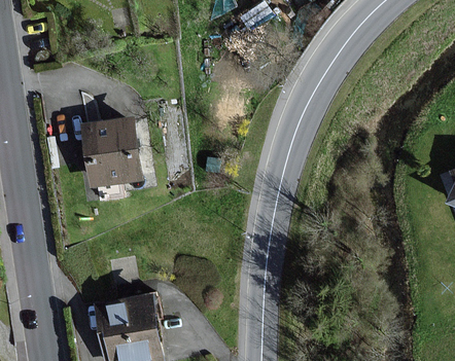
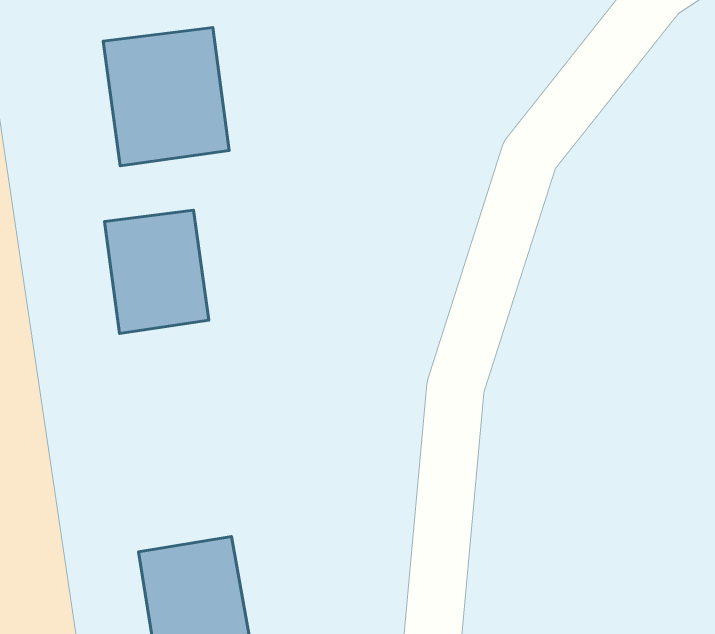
building: none -> [103,28,229,166]

